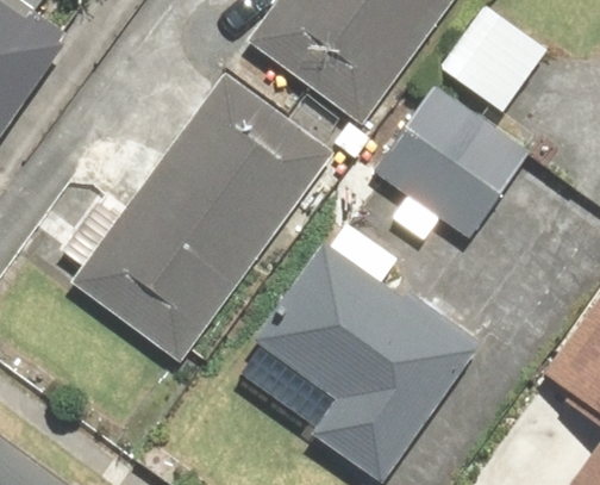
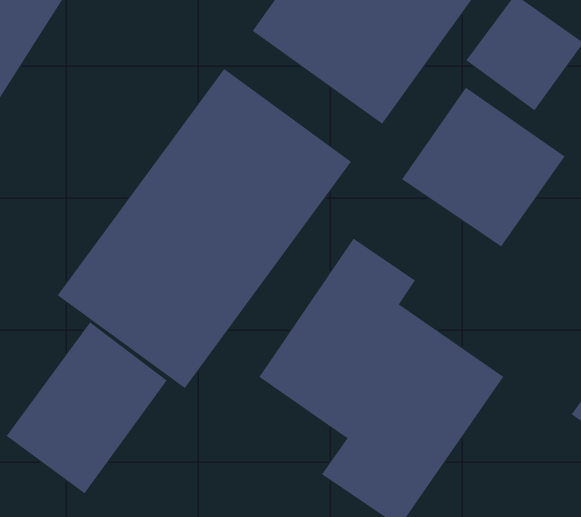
building: none -> [6,321,168,494]

